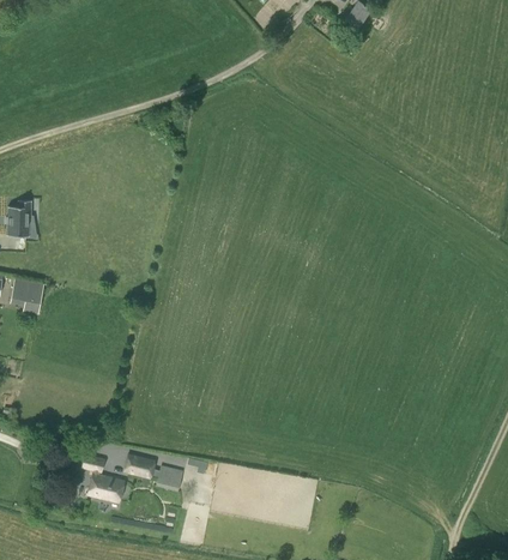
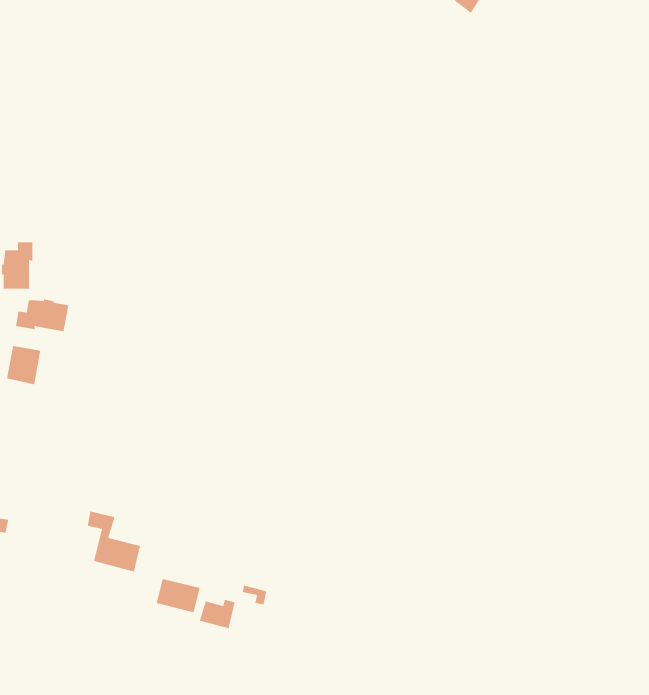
building: none -> [15,297,69,334]
building: [84,454,125,501] -> [87,510,141,573]

